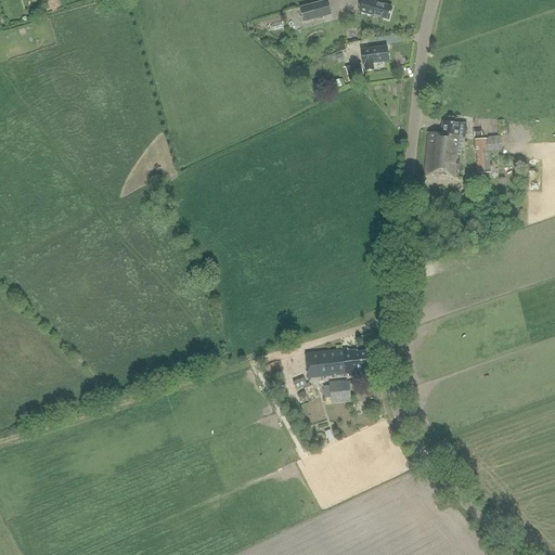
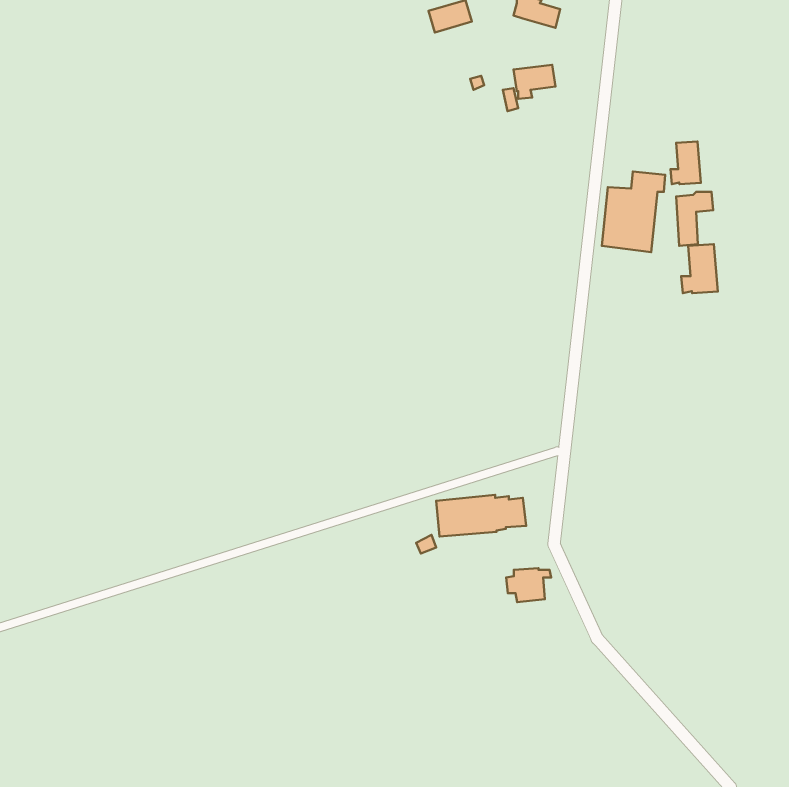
building: none -> [670,142,701,184]
building: none -> [681,244,718,293]
building: [323,378,354,402] -> [506,568,551,602]

